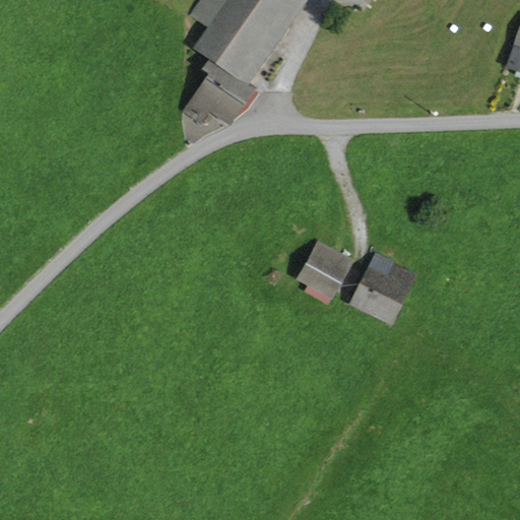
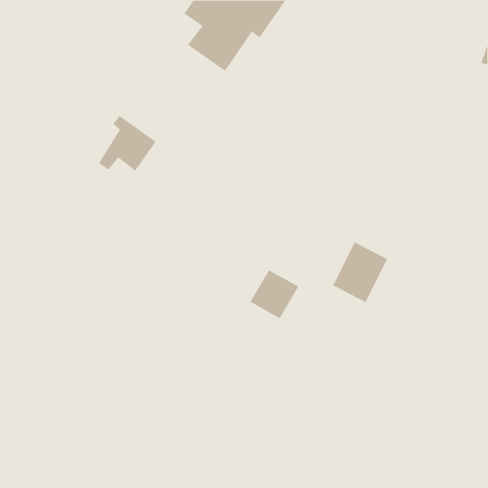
building: [189,61,251,121] -> [98,115,157,172]
building: [298,243,350,296] -> [250,269,299,319]

